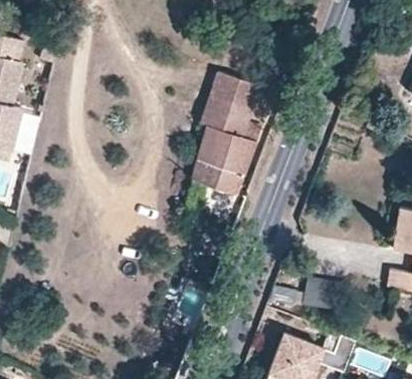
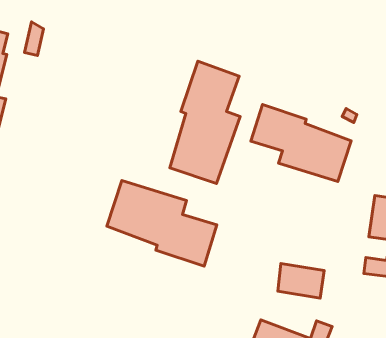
building: none -> [251,104,351,182]
building: none -> [107,180,217,266]

